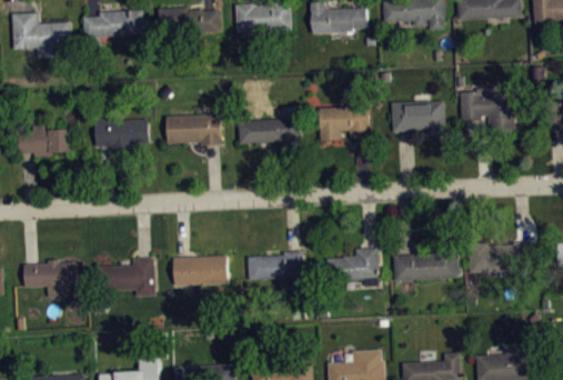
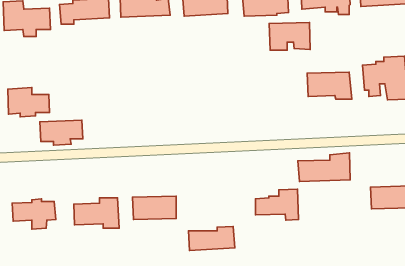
building: [319,107,370,141] -> [269,23,310,50]
building: [165,114,222,146] -> none
building: [238,118,299,144] -> none
building: [94,120,148,151] -> [40,120,83,145]
building: [392,246,458,281] -> [298,153,350,181]
building: [248,251,305,281] -> [189,226,235,250]

